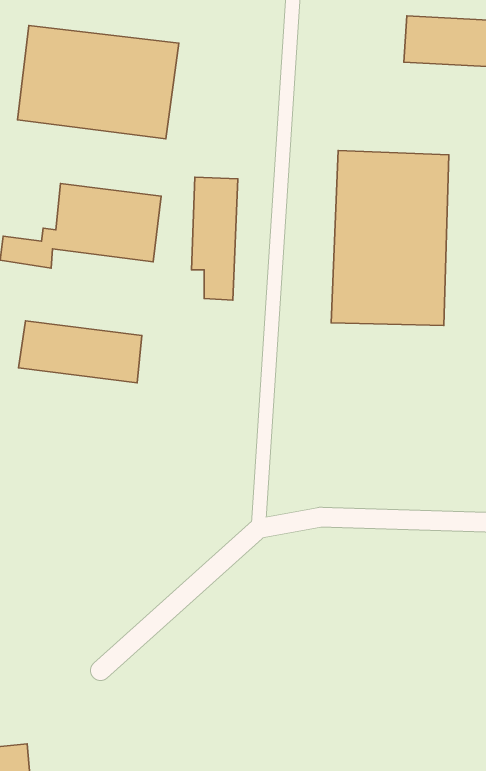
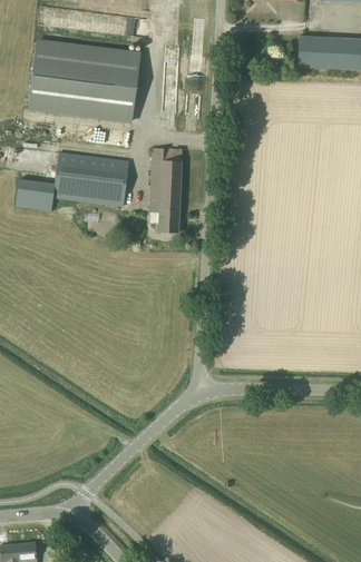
building: [331,151,449,326] -> none
building: [19,321,142,383] -> none

